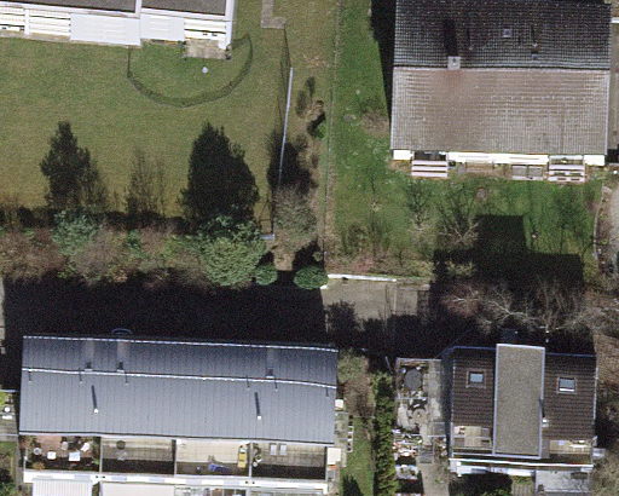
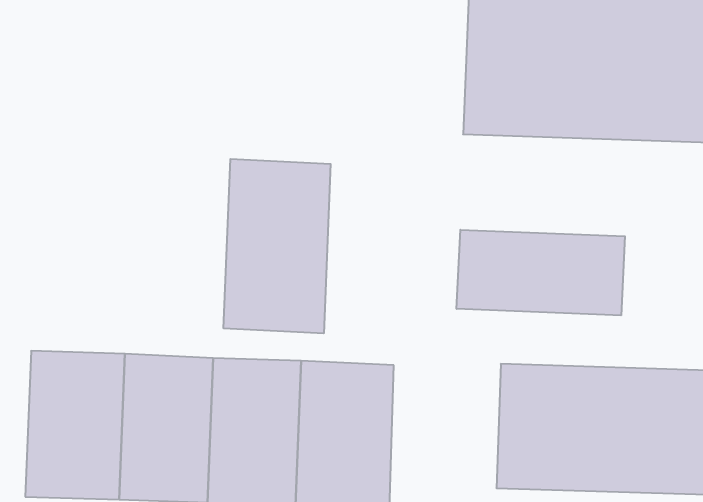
building: none -> [224,159,331,333]
building: none -> [457,230,625,315]

